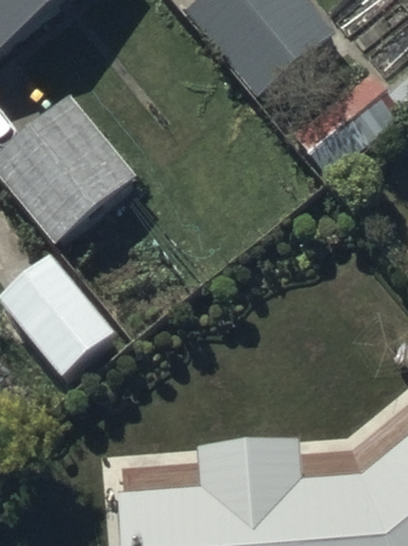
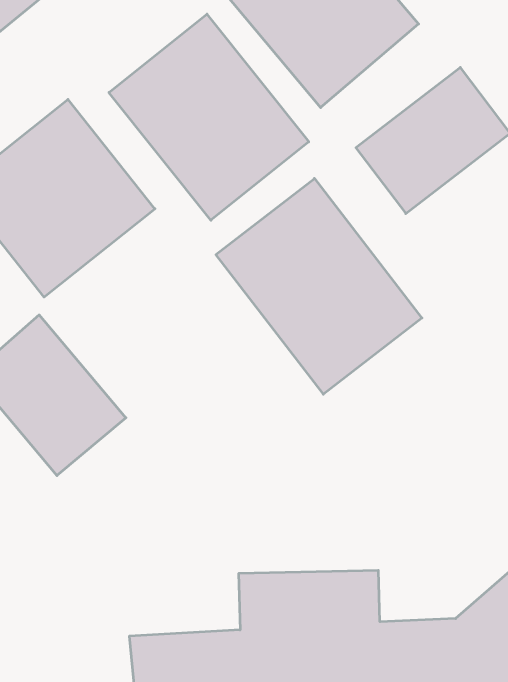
building: none -> [109,14,309,220]
building: none -> [216,178,422,394]

